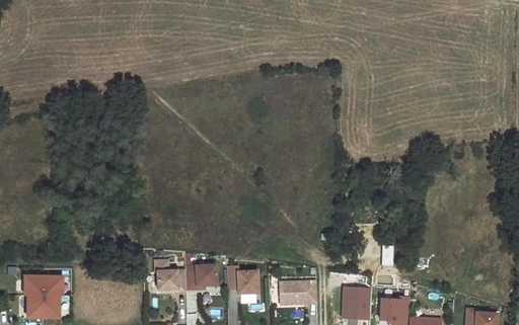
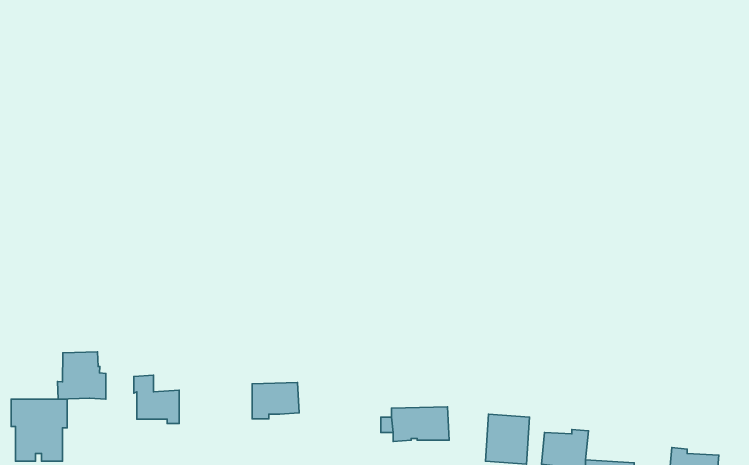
building: none -> [58,352,106,399]
building: [155,259,186,292] -> [134,375,179,424]
building: [227,272,257,293] -> none

